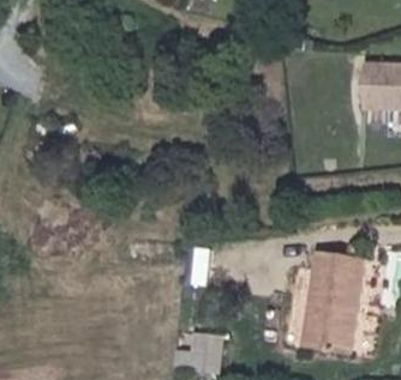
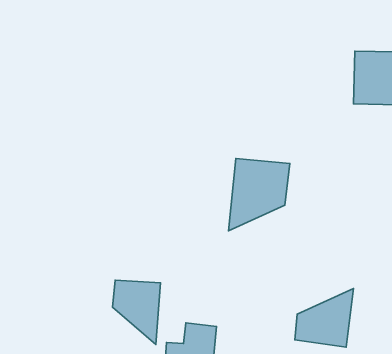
building: [306,254,366,325] -> [229,159,290,231]
building: none -> [112,280,160,345]

